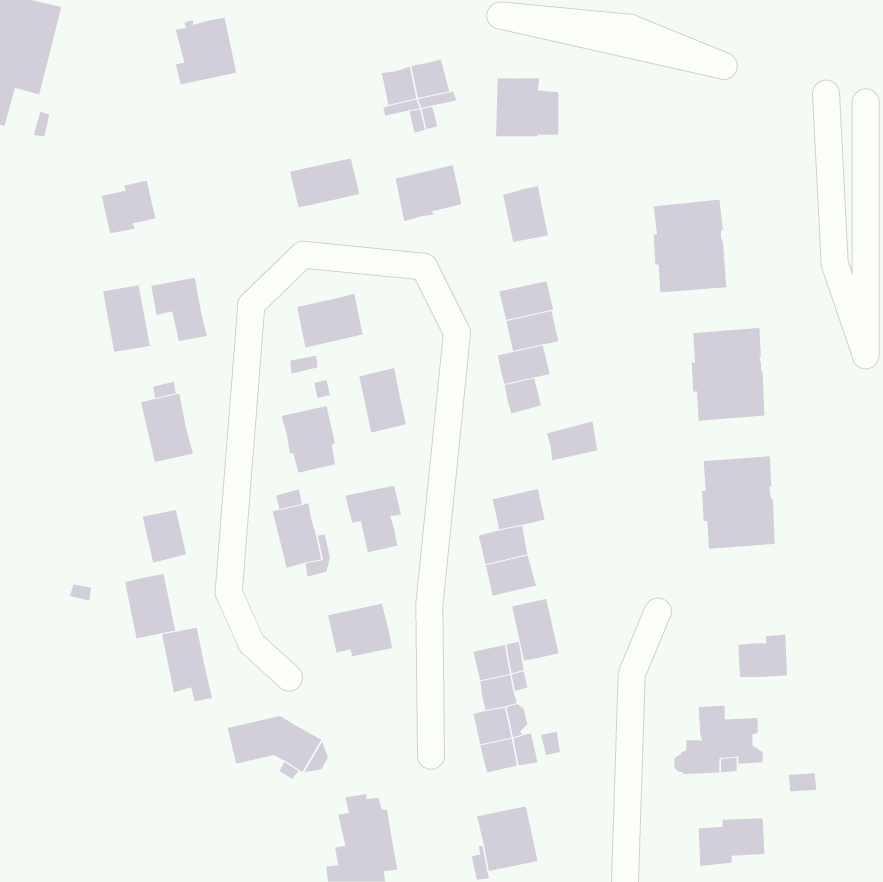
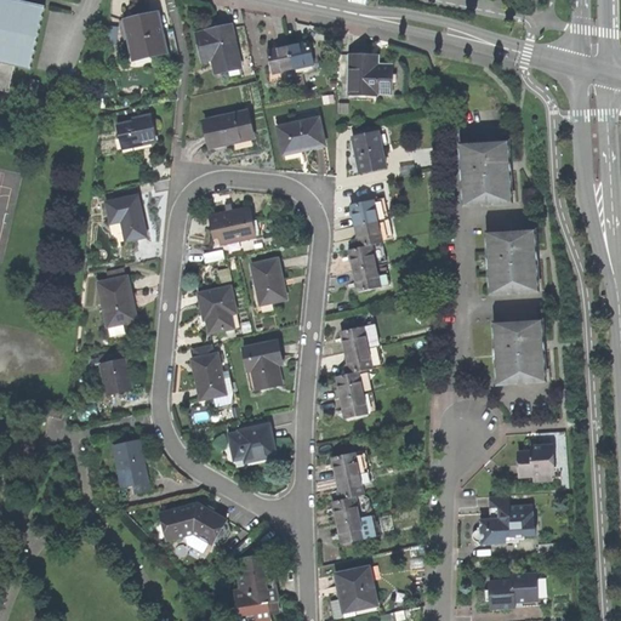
building: none -> [196,24,244,73]
building: [101,180,156,234] -> [116,113,155,150]
building: [102,285,151,353] -> none
building: [546,421,598,461] -> [341,321,377,349]
building: [124,573,176,639] -> none
building: [511,598,559,661] -> none

